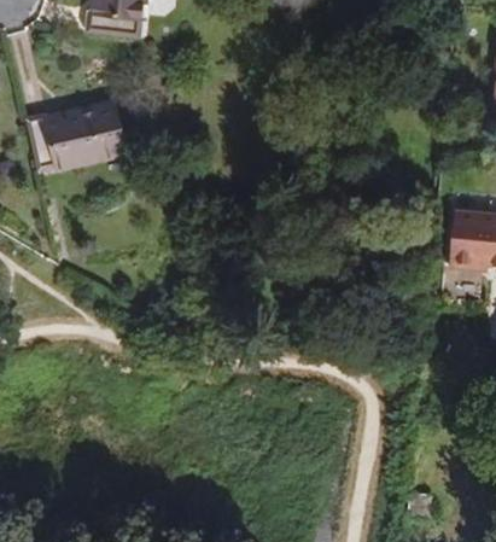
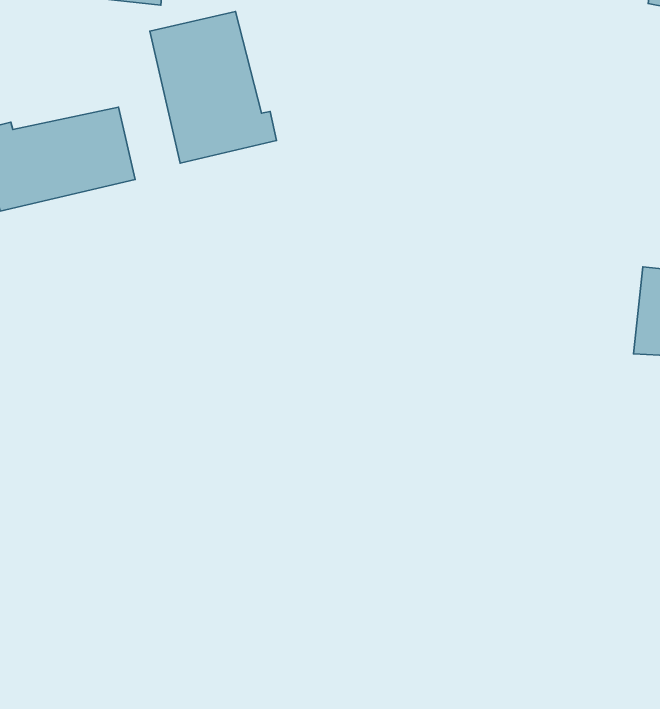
building: none -> [150,11,276,163]

